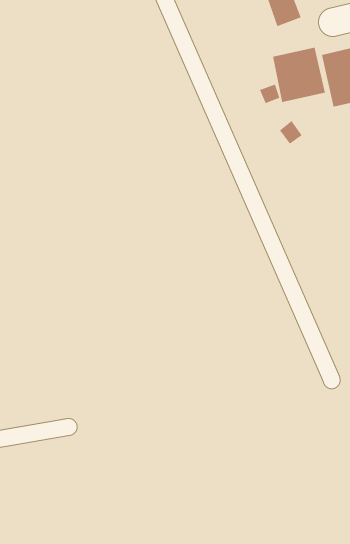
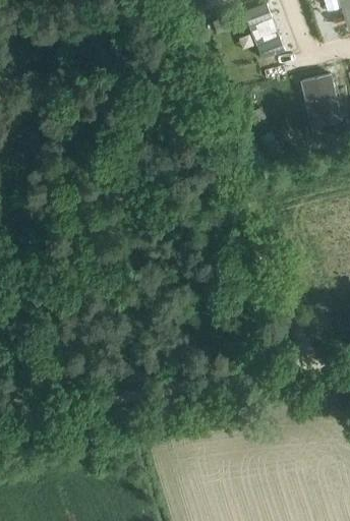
building: [273,47,325,103] -> none

